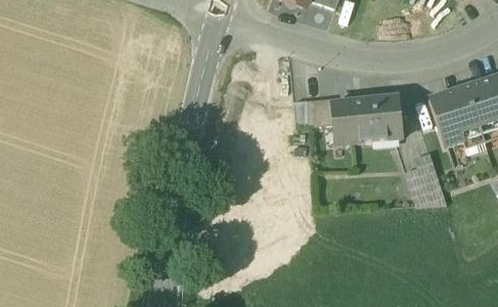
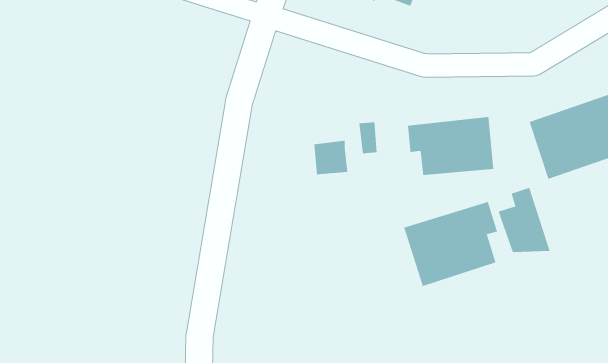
building: [306,96,333,124] -> [314,140,348,175]
building: none -> [403,201,498,287]

